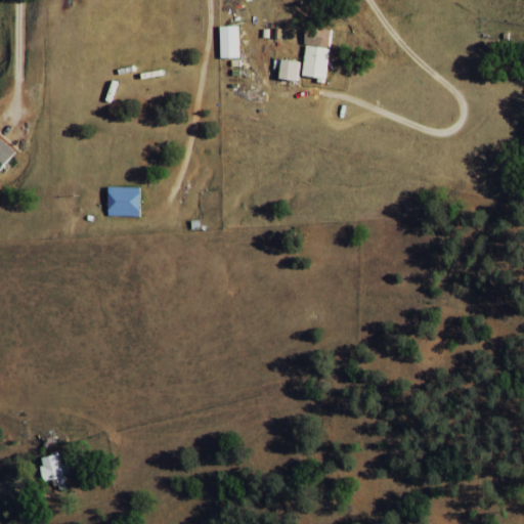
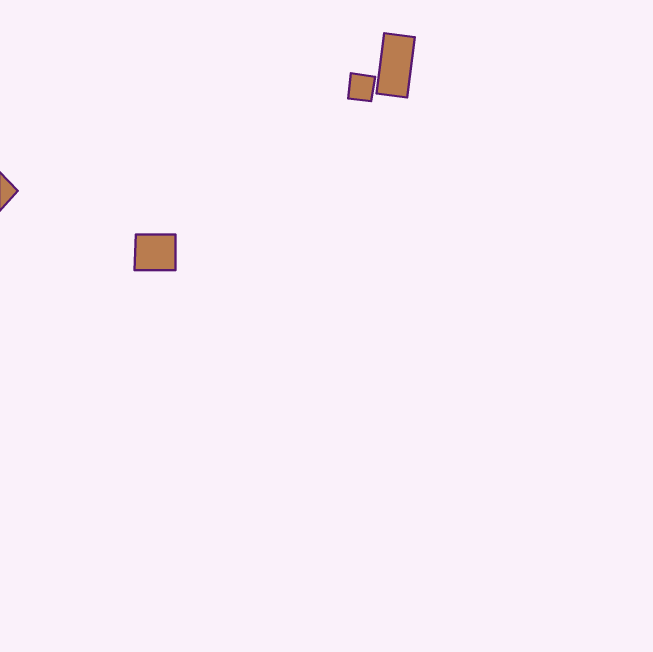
building: [219,26,238,58] -> none
building: [39,452,66,488] -> none

